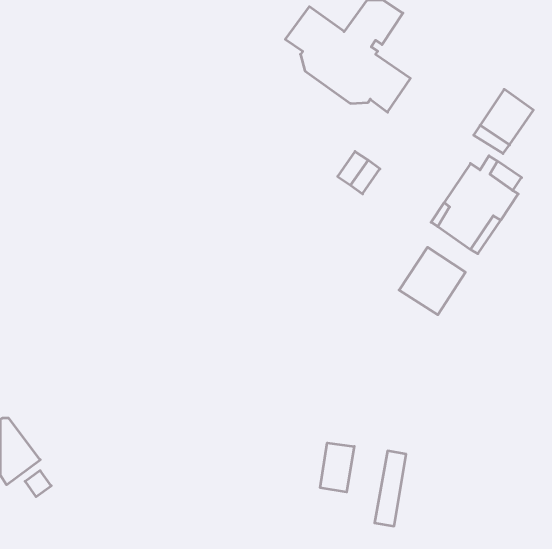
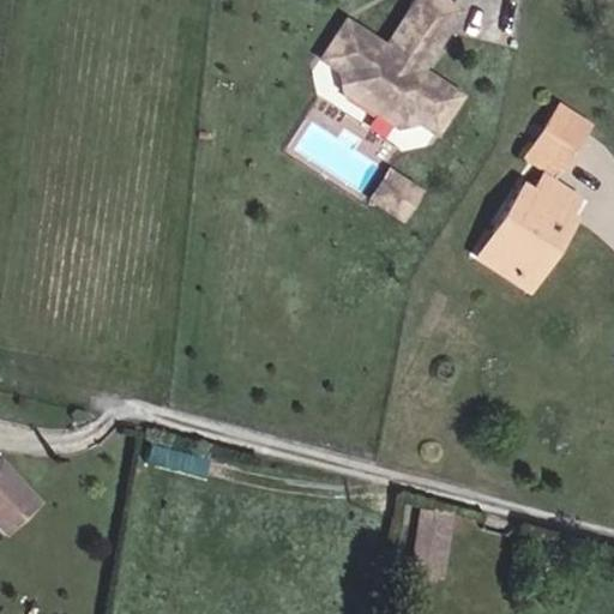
building: [399,247,465,315] -> none
building: [320,443,354,492] -> none

